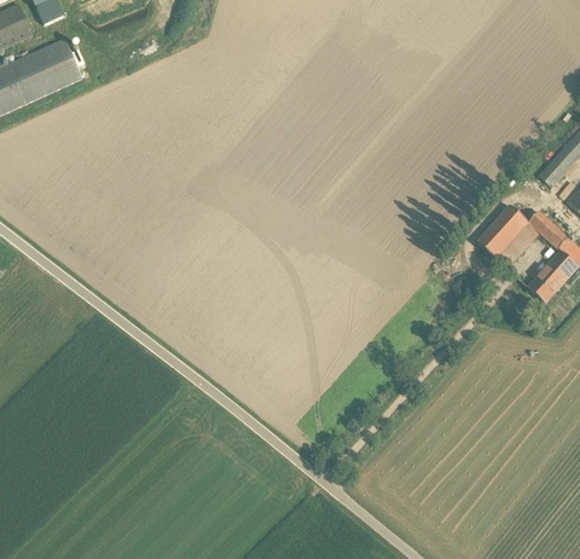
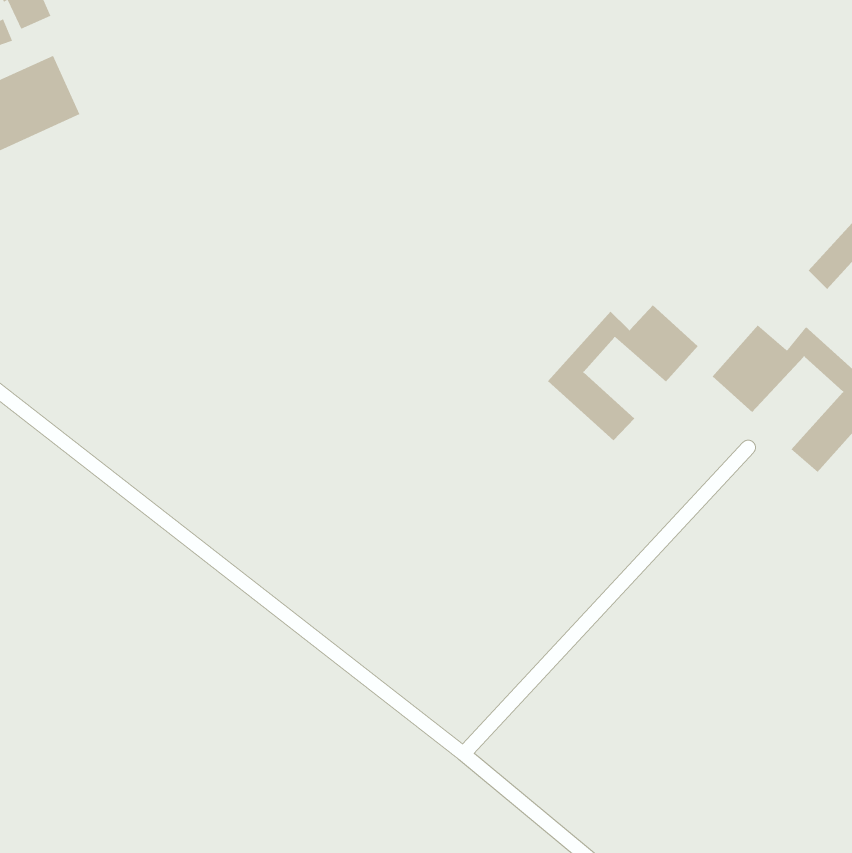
building: none -> [547,305,698,441]

